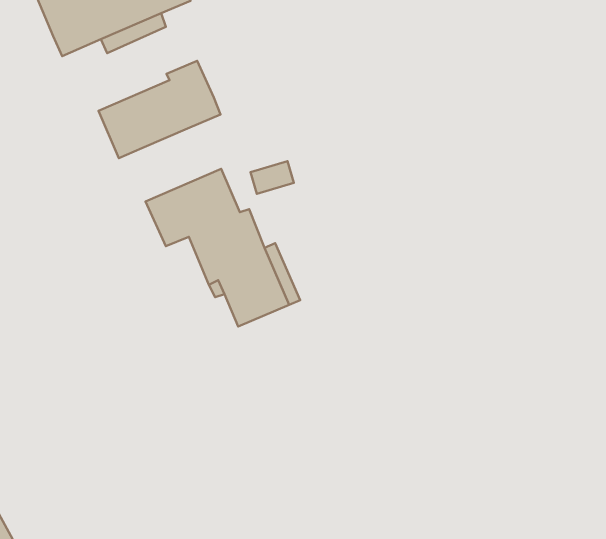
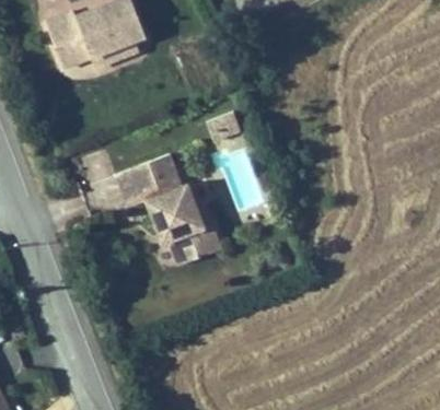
building: [98,61,221,158] -> none

